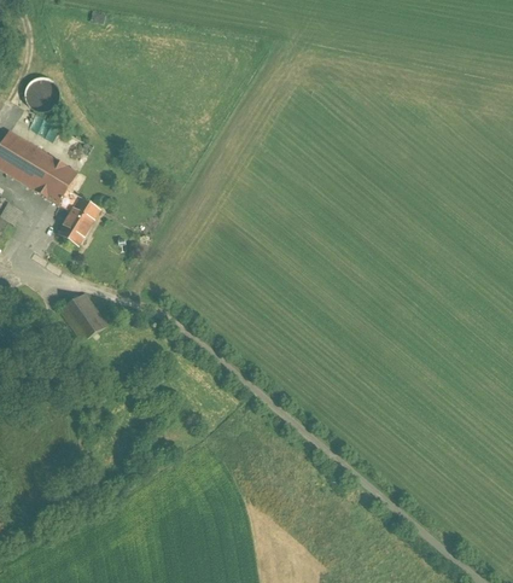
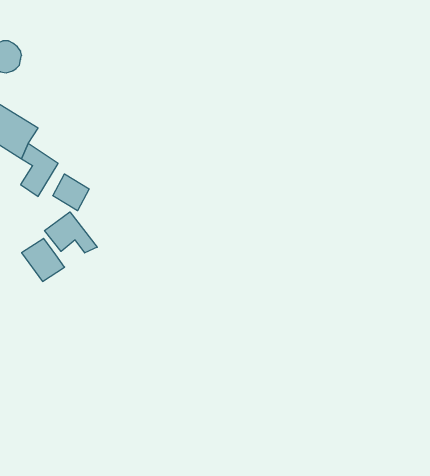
building: none -> [53,174,89,211]
building: none -> [45,212,97,253]

